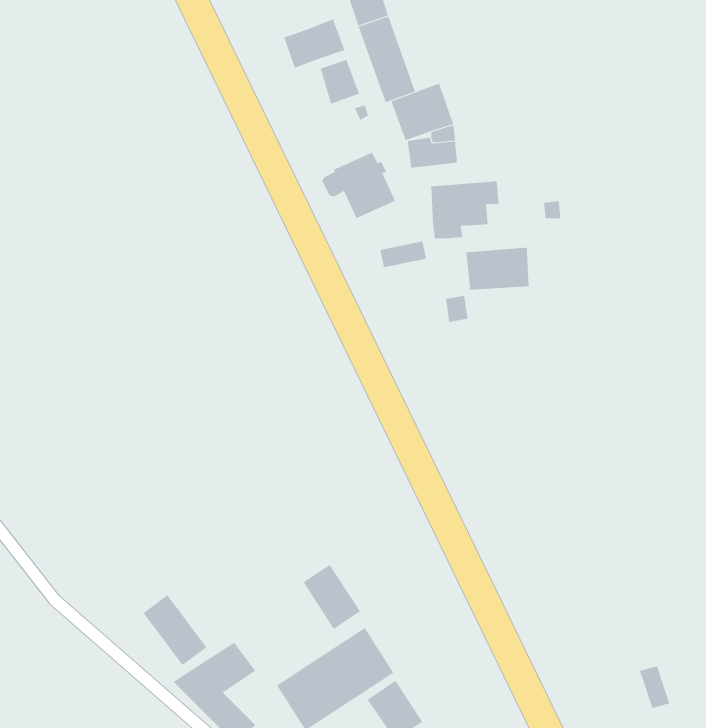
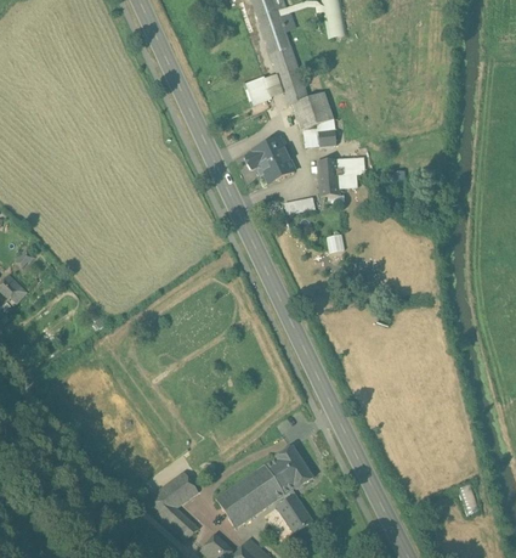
building: [284,18,345,68] -> none
building: [466,247,529,291] -> none
building: [303,564,361,629] -> [273,445,312,489]
building: [143,594,207,666] -> none

